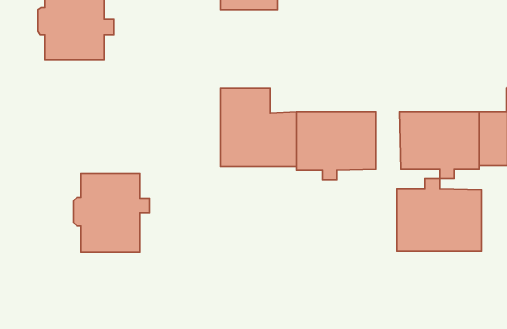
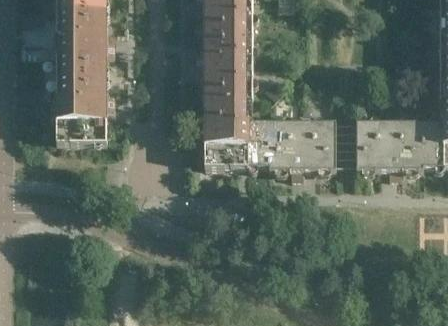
building: none -> [195,35,251,101]
building: [74,174,149,252] -> [49,77,113,143]
building: [397,179,482,251] -> none

